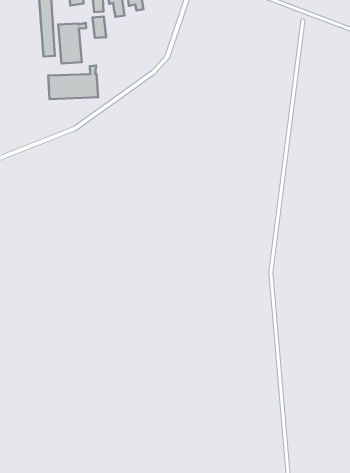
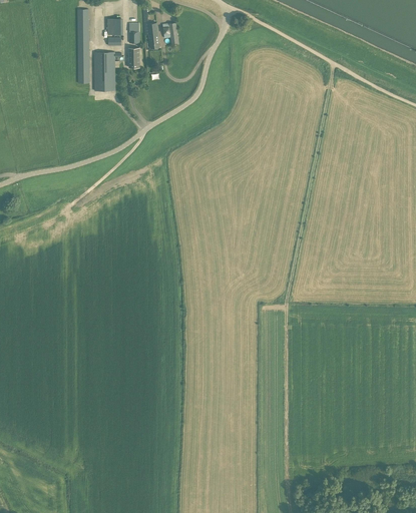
building: [48,66,98,99] -> none

